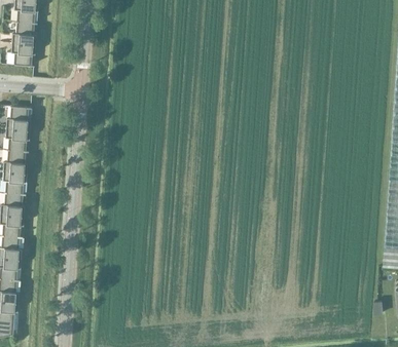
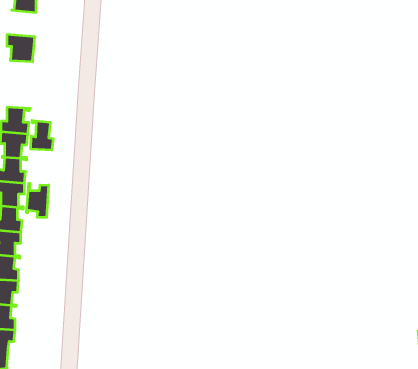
building: [11,20,37,43] -> none
building: none -> [31,120,53,150]
building: none -> [26,183,49,217]

